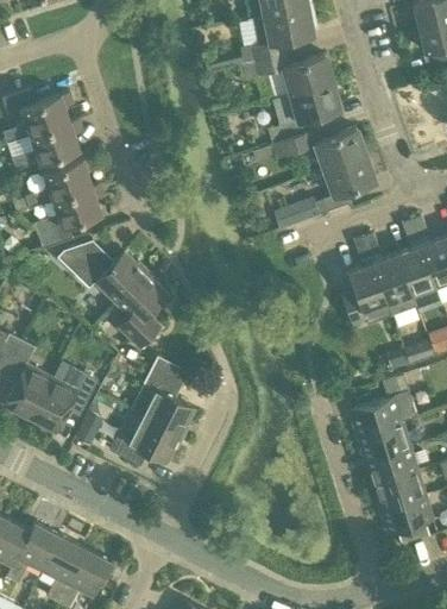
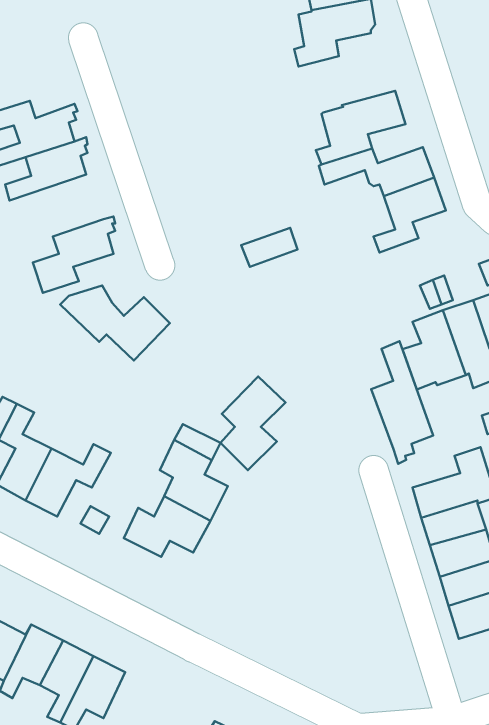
building: [254,54,334,100] -> none
building: [26,158,95,208] -> none
building: [275,199,321,231] -> [241,228,297,267]
building: [118,274,171,351] -> [220,376,285,470]
building: none -> [371,341,433,464]

